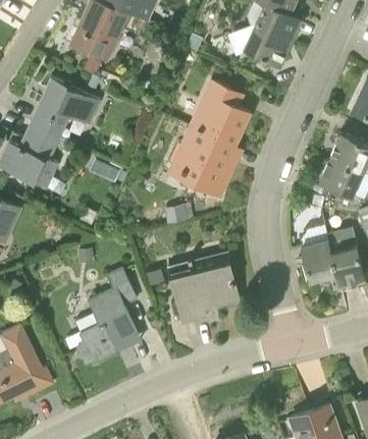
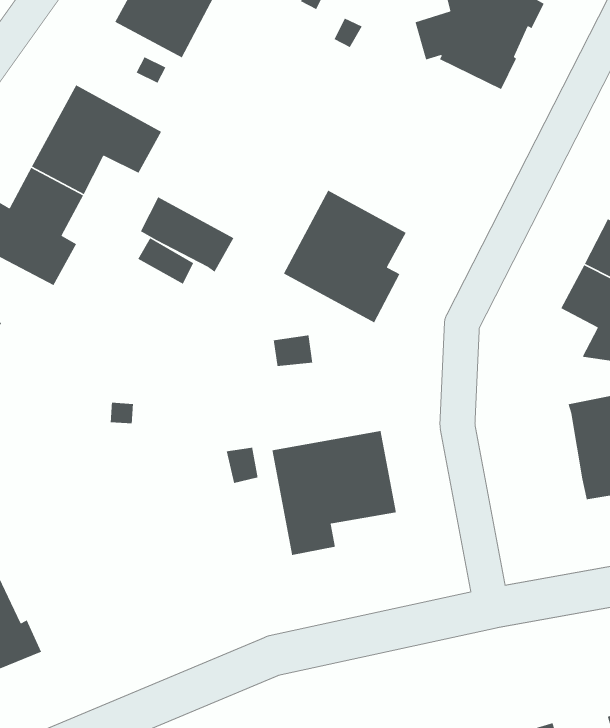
building: [191,79,251,147] -> none
building: none -> [140,196,235,273]
building: [302,238,336,279] -> none
building: [75,267,140,369] -> none

